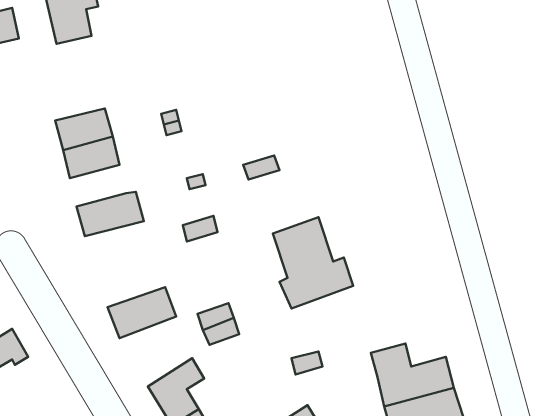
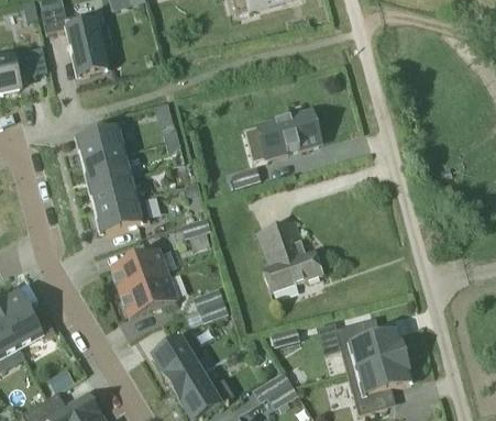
building: none -> [258,111,319,157]
building: none -> [89,175,135,209]
building: none -> [111,250,167,291]

